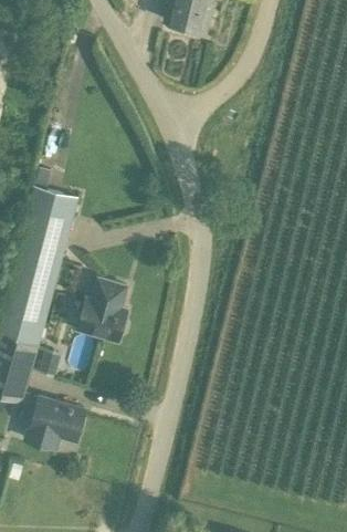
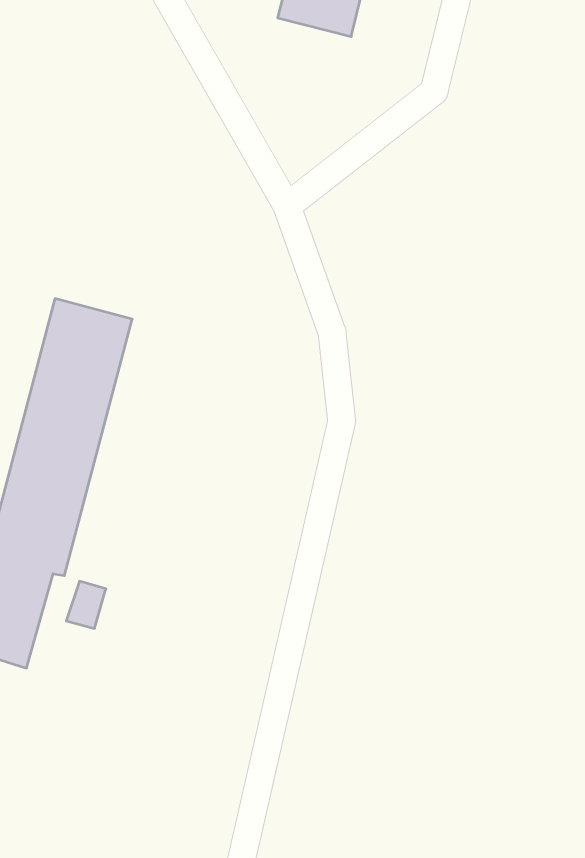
building: [77,278,128,341] -> none
building: [27,396,85,447] -> none

